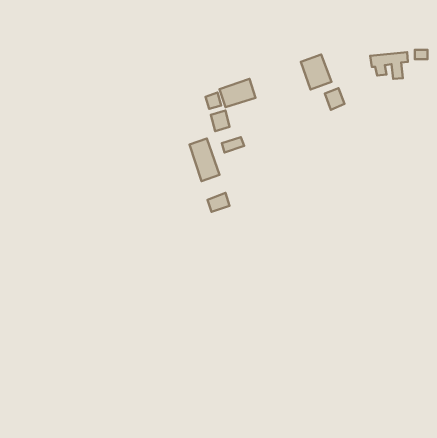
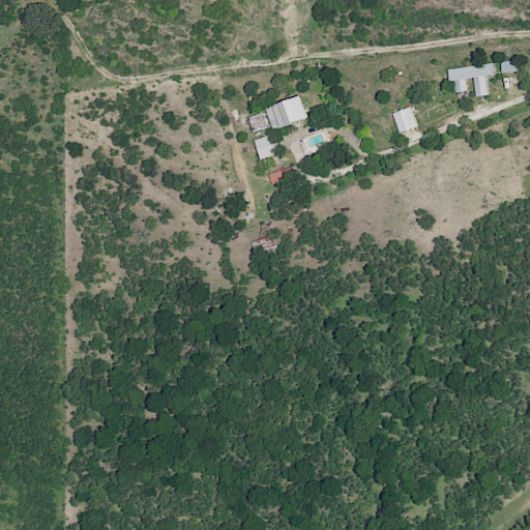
building: [301,55,331,90] -> none
building: [189,139,220,181] -> none

